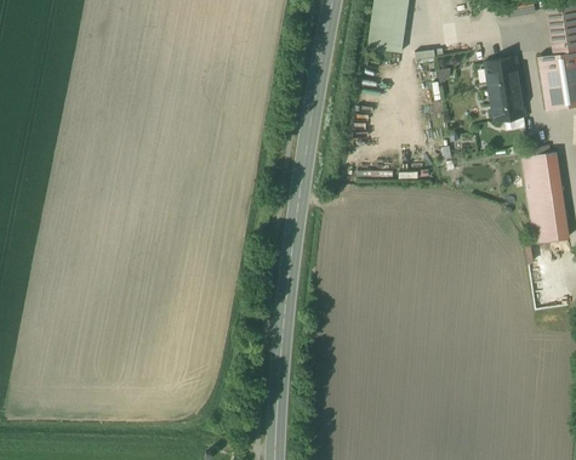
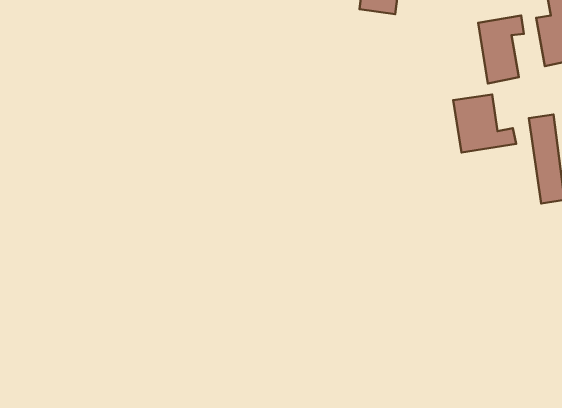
building: none -> [453,95,516,153]

